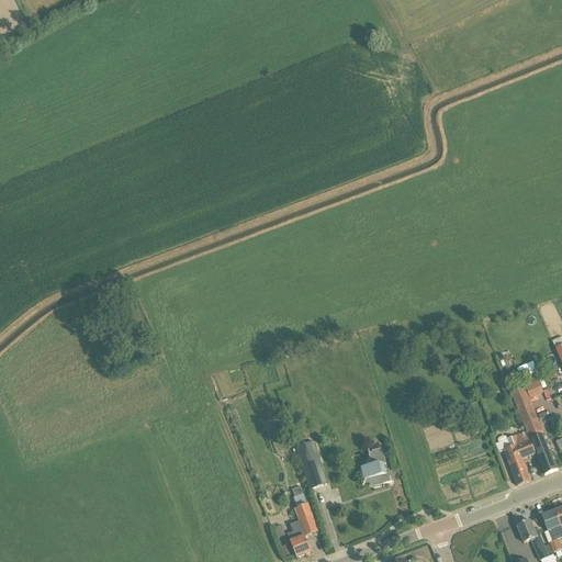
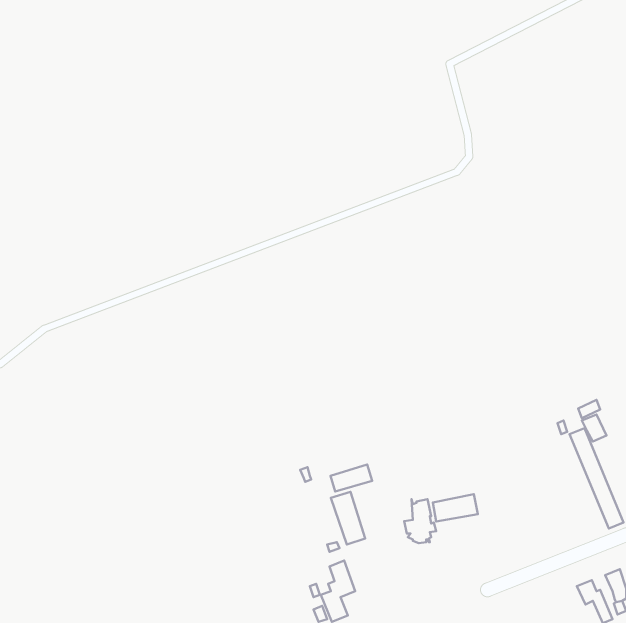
building: none -> [331,464,372,491]
building: [504,430,536,484] -> none
building: none -> [433,494,478,521]

